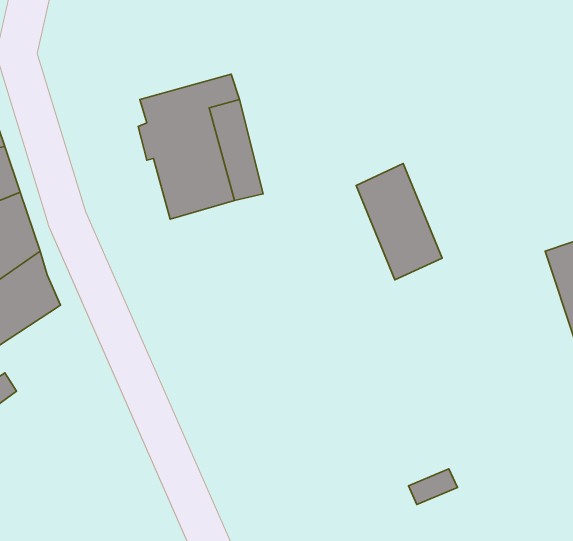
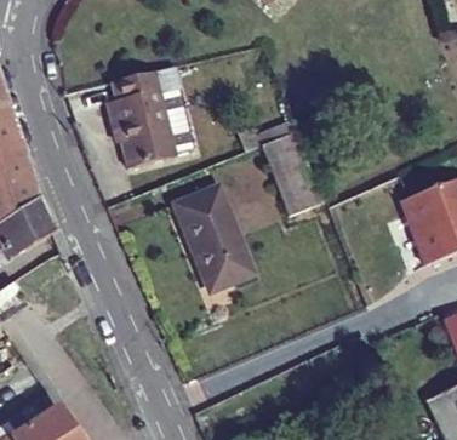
building: none -> [176,187,257,291]

